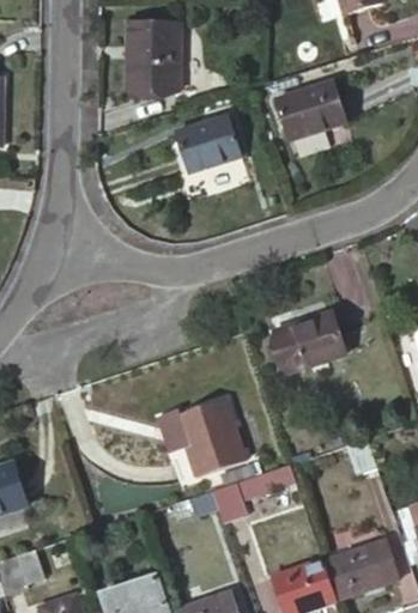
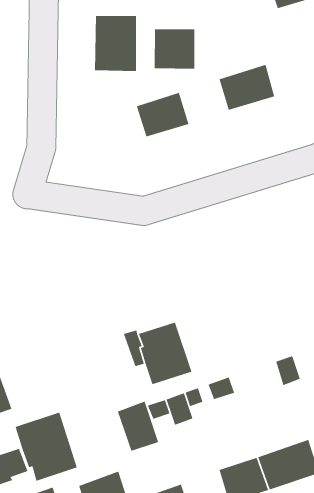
building: none -> [154,29,195,70]
building: [271,311,344,370] -> none
building: none -> [117,400,159,452]
building: none -> [15,411,78,482]

